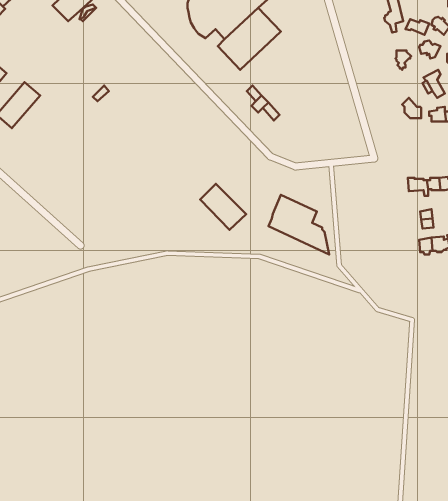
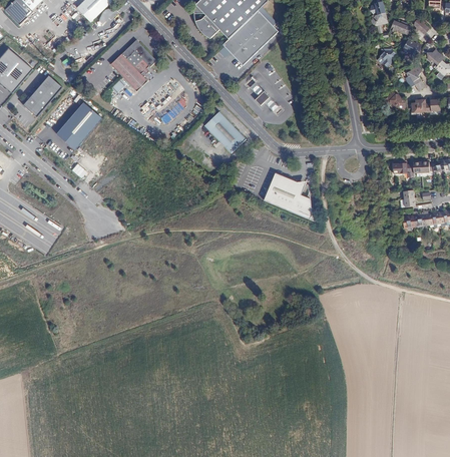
building: none -> [109,41,154,91]
building: none -> [58,103,103,149]
building: [200,184,246,230] -> [203,111,245,152]

